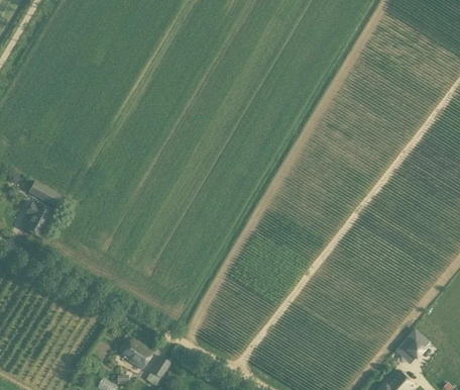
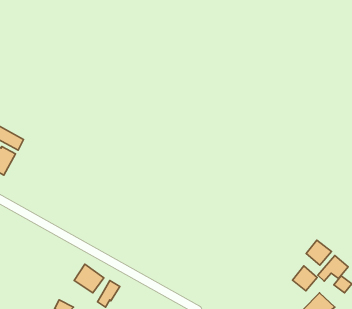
building: none -> [306,240,331,265]
building: none -> [293,266,317,291]

